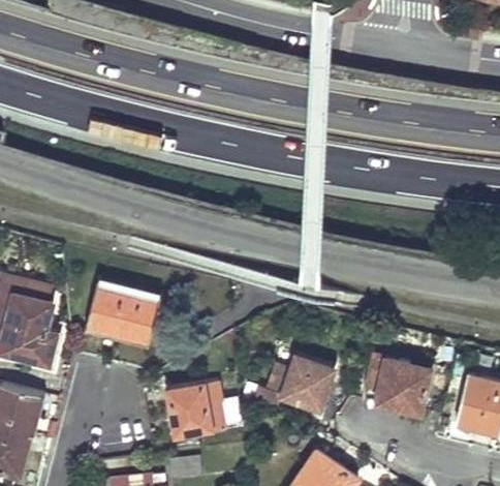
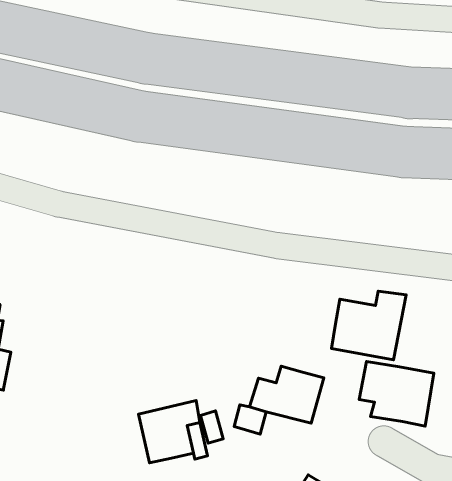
building: [87,280,163,344] -> none
building: none -> [331,291,406,360]

